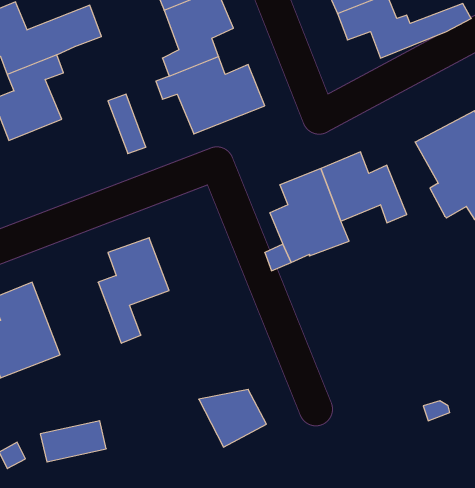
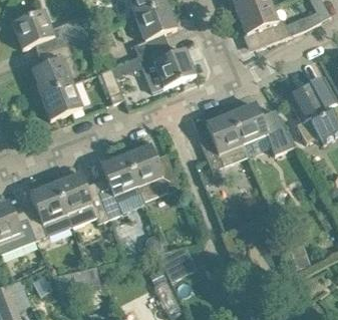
building: none -> [40,82,82,119]
building: none -> [125,144,180,202]
building: none -> [54,173,108,226]

